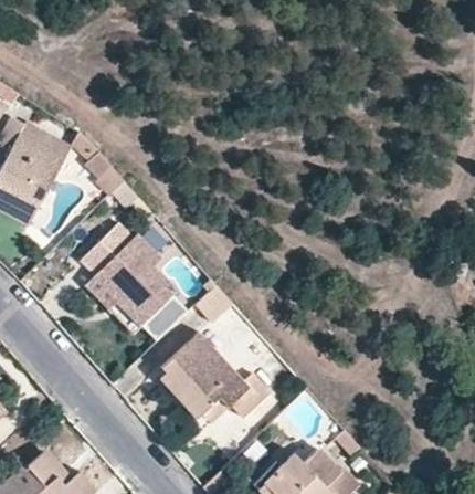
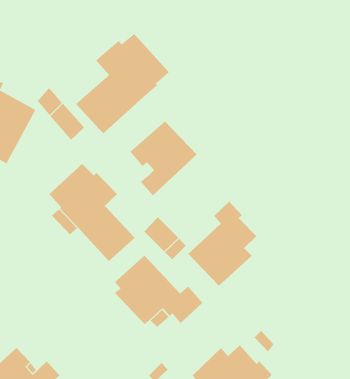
building: none -> [75,33,169,134]
building: none -> [129,120,197,196]
building: none -> [188,201,257,286]

